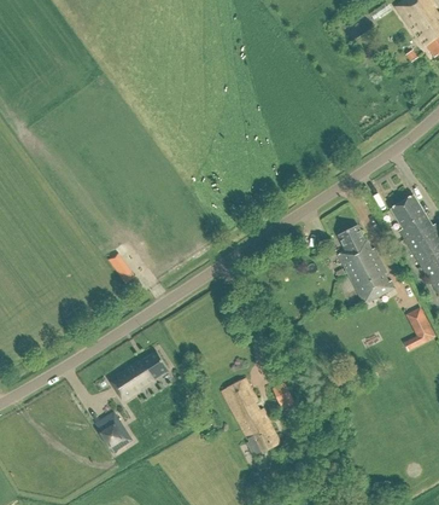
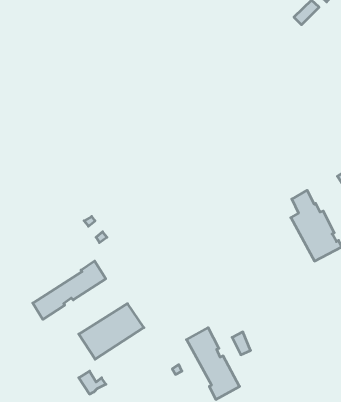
building: none -> [33,261,106,319]

